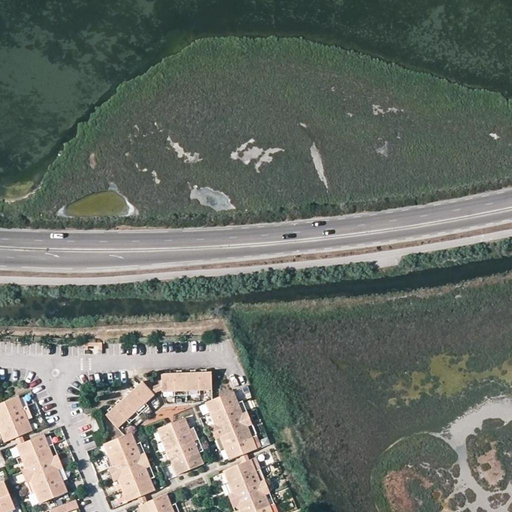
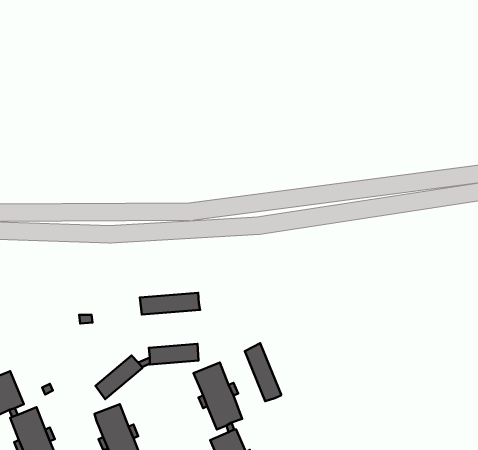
building: none -> [140,293,200,315]
building: none -> [245,343,281,401]
building: [157,417,203,474] -> none

